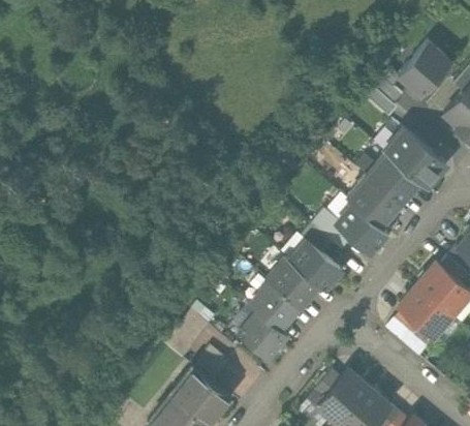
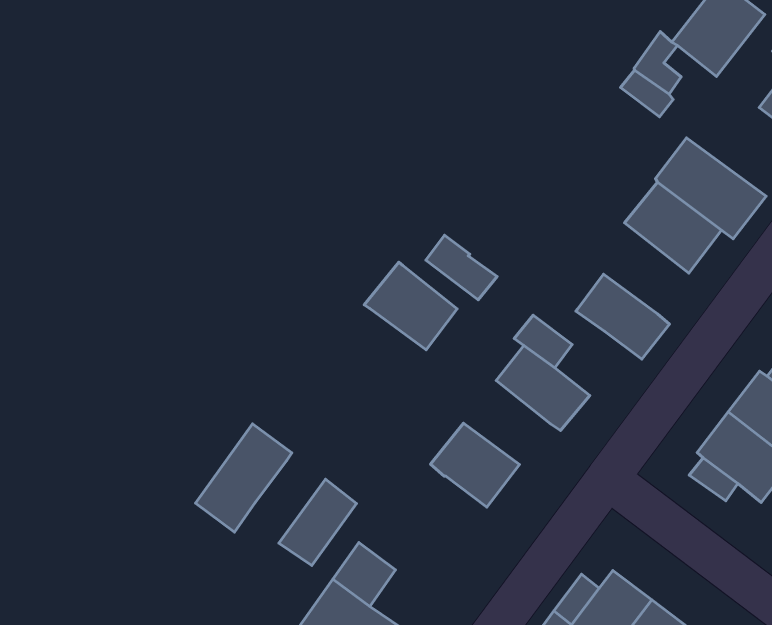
building: [347,177,401,229] -> none
building: [313,212,352,249] -> [426,235,497,300]
building: [268,258,319,308] -> [364,262,457,350]
building: none -> [195,424,292,532]
building: [240,312,287,359] -> none

